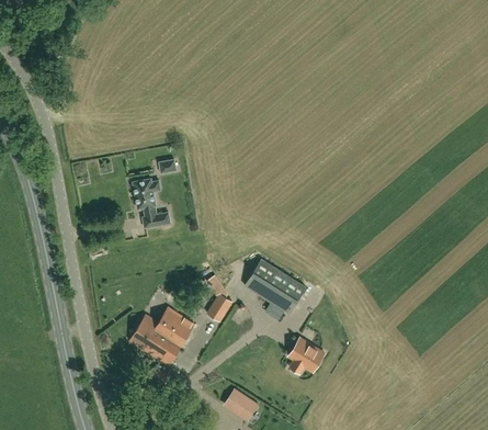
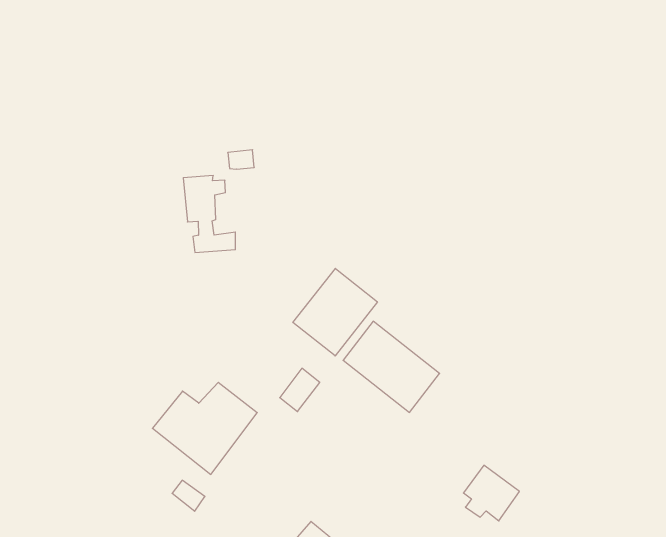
building: none -> [293,268,377,356]
building: [290,338,325,372] -> [463,465,519,521]

